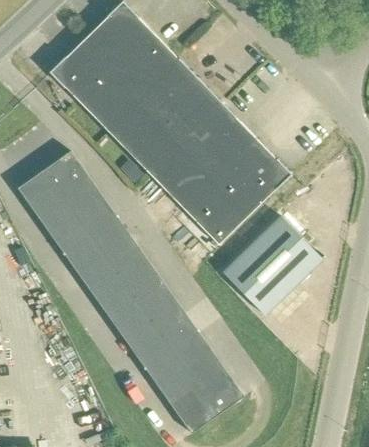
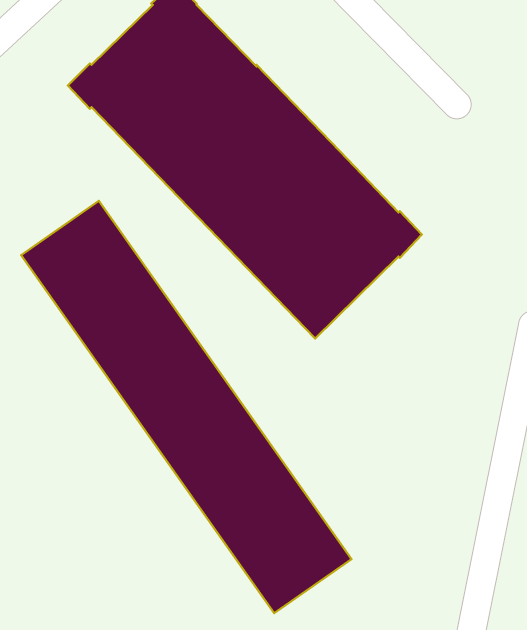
building: [222,214,322,314] -> none

